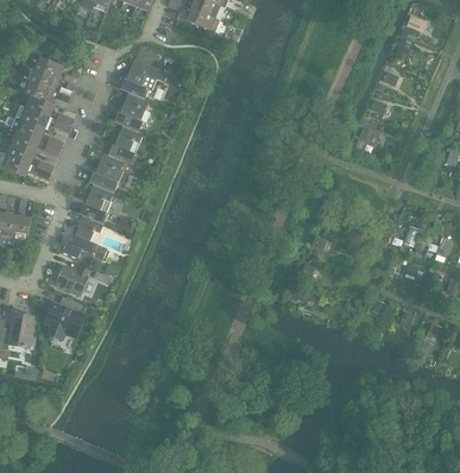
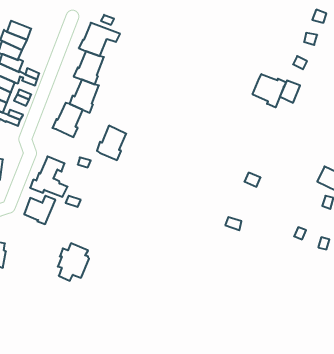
building: none -> [253,74,286,107]
building: [78,182,113,222] -> [97,126,126,160]
building: [46,295,83,339] -> [58,243,89,281]

